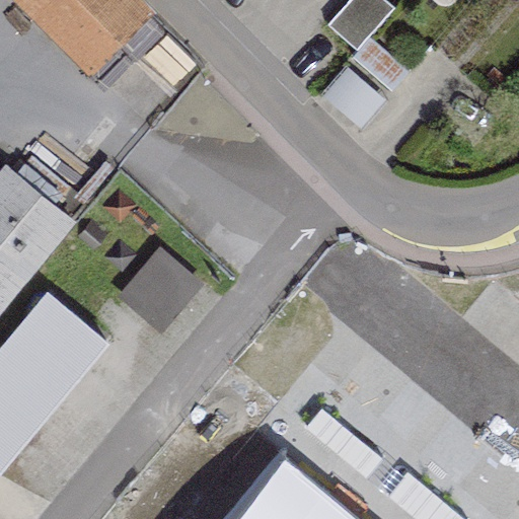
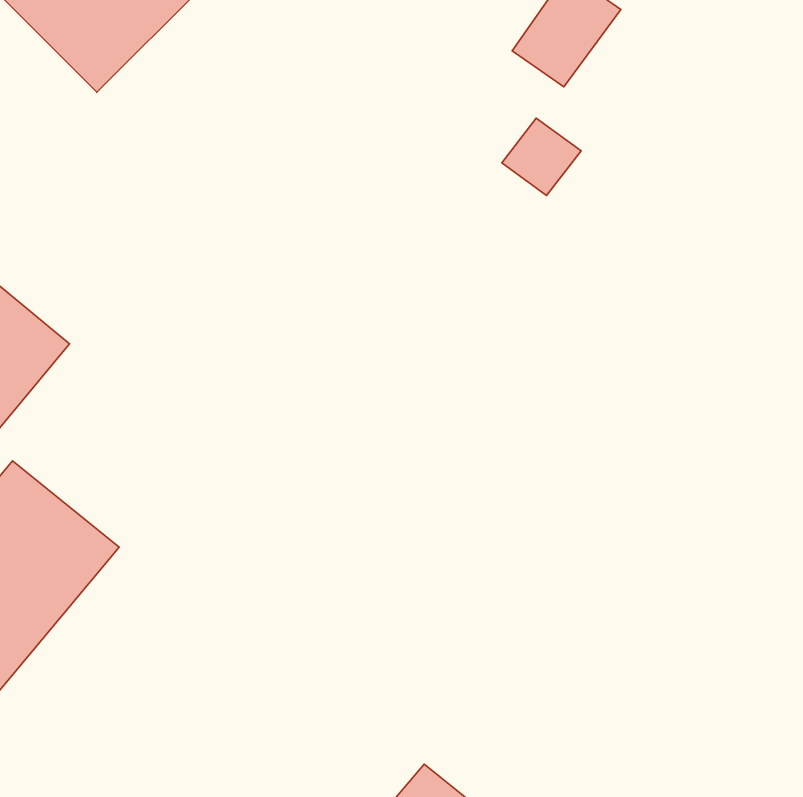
building: [128,261,208,341] -> none

